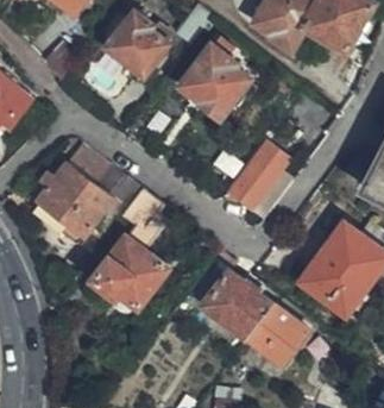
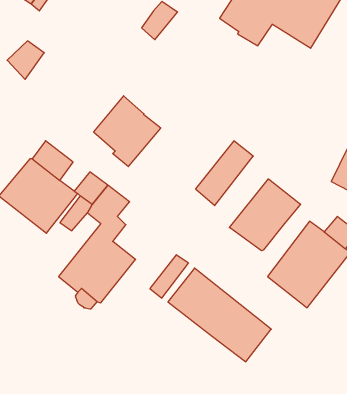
building: [108,15,170,74] -> none
building: [182,48,248,118] -> [94,96,161,167]
building: none -> [229,179,301,251]

